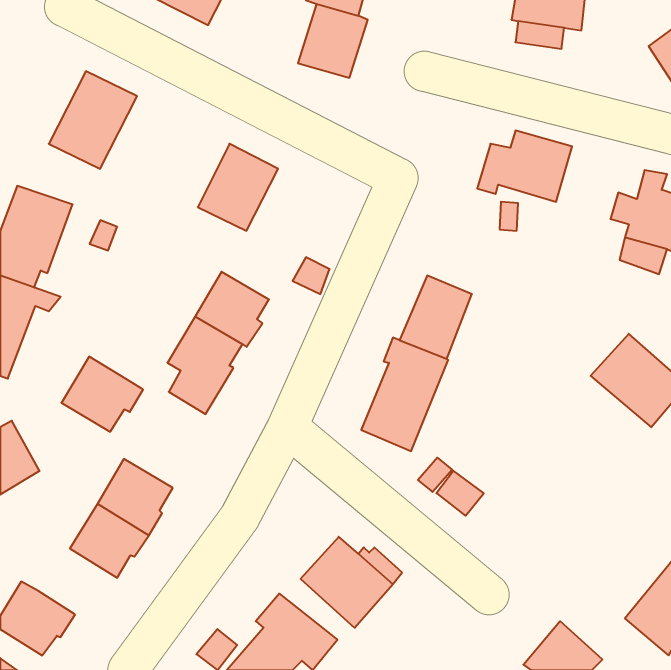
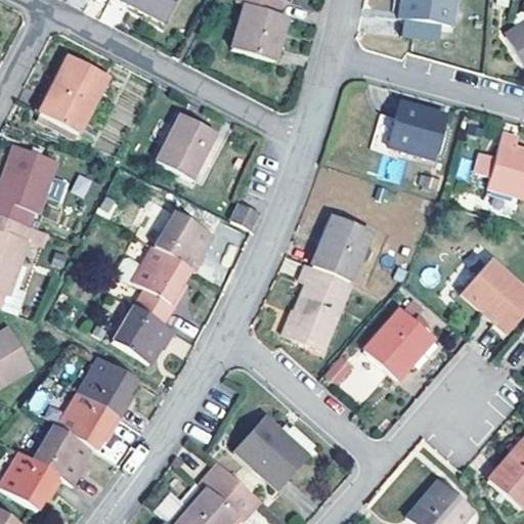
building: [61,357,143,432] -> [112,304,175,362]
building: none -> [363,308,433,379]
building: none -> [32,424,93,485]

